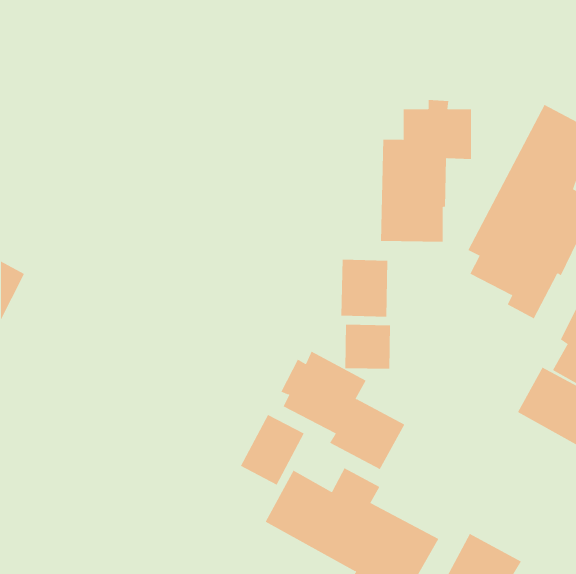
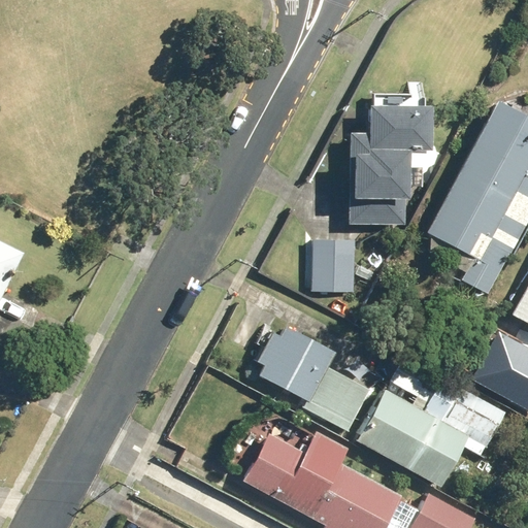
building: [345,324,391,370] -> none
building: none -> [357,378,506,487]
building: [240,414,304,485] -> none

